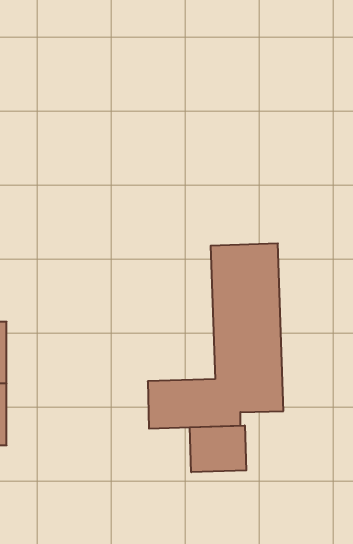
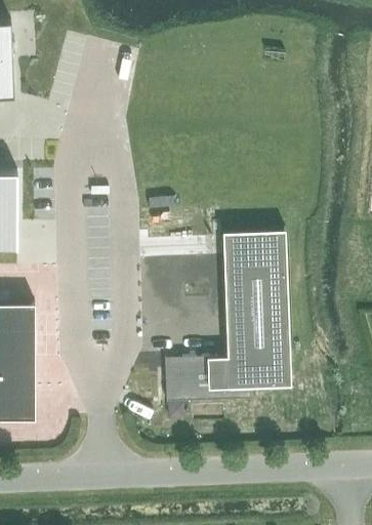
building: [190,425,246,472] -> none

